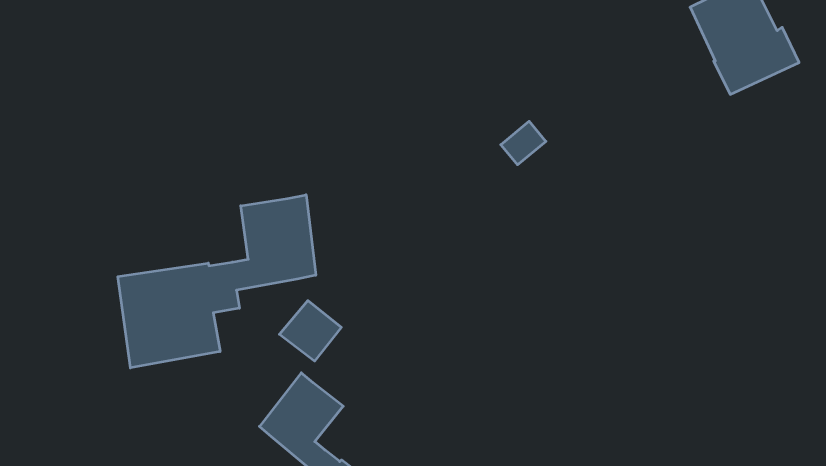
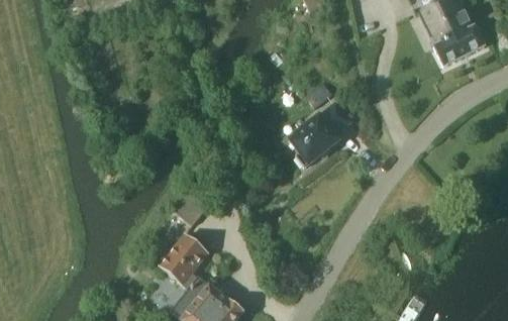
building: none -> [290,102,349,166]
building: [118,195,316,368] -> none

